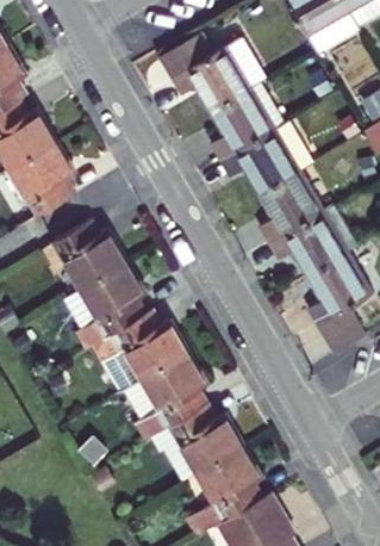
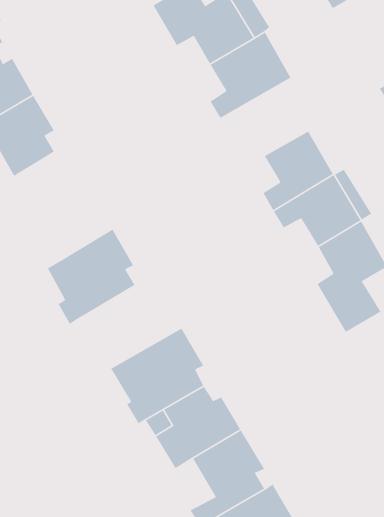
building: [222,122,316,196] -> none
building: [52,219,125,288] -> none
building: [93,309,187,390] -> none

